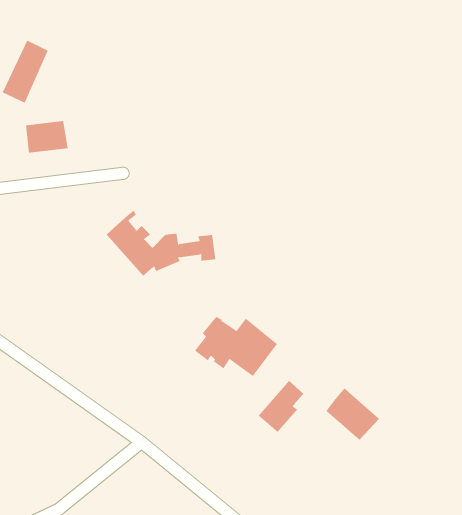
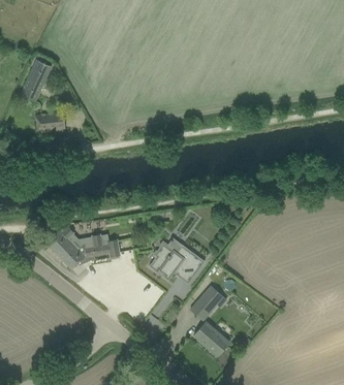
building: [106,210,216,277] -> [45,224,119,268]
building: [325,388,380,440] -> [193,320,229,355]

